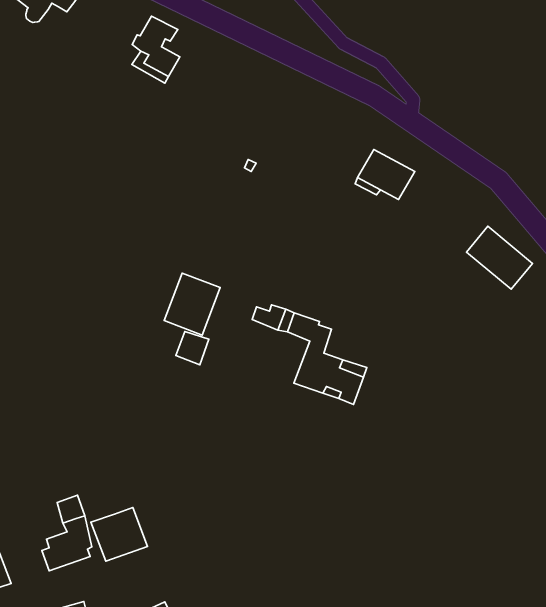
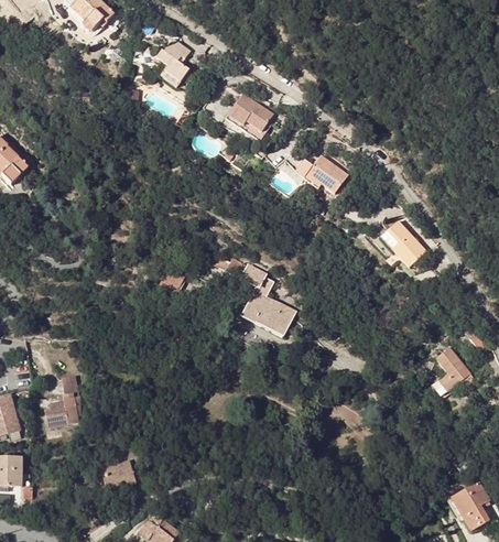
building: none -> [226,93,274,140]
building: [164,273,220,335] -> none
building: [91,507,147,561] -> none

